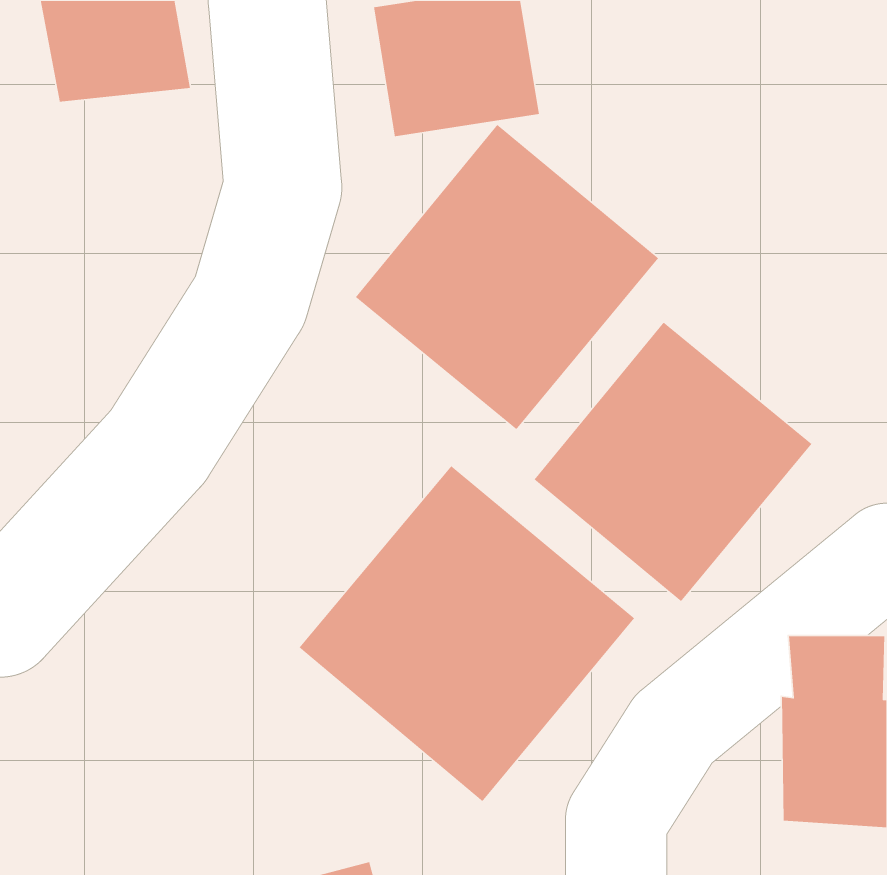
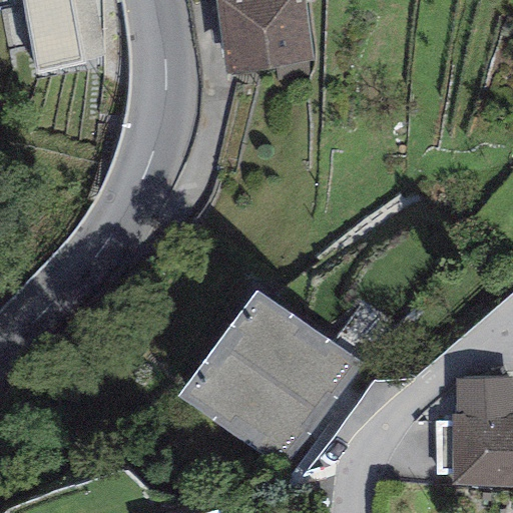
building: [355,124,659,430] -> none
building: [533,321,813,602] -> none

